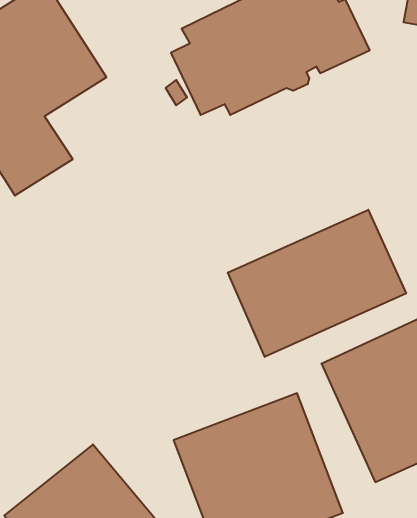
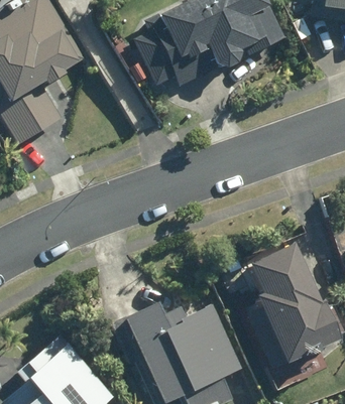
building: [228,210,406,357] -> none

